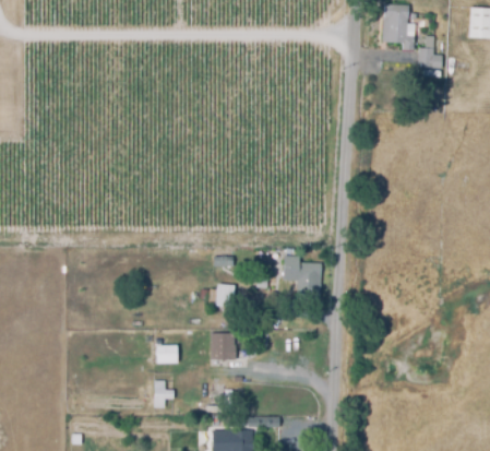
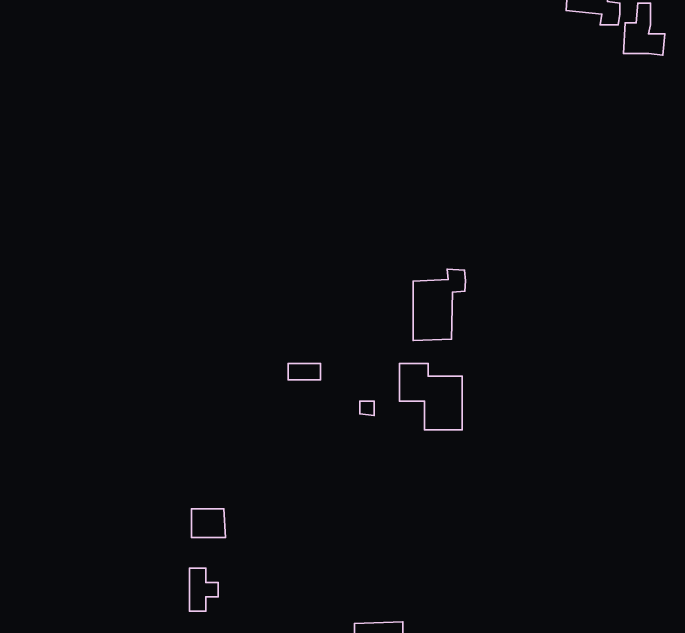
building: none -> [413,269,466,340]
building: [211,284,237,304] -> none
building: [215,332,235,365] -> none

